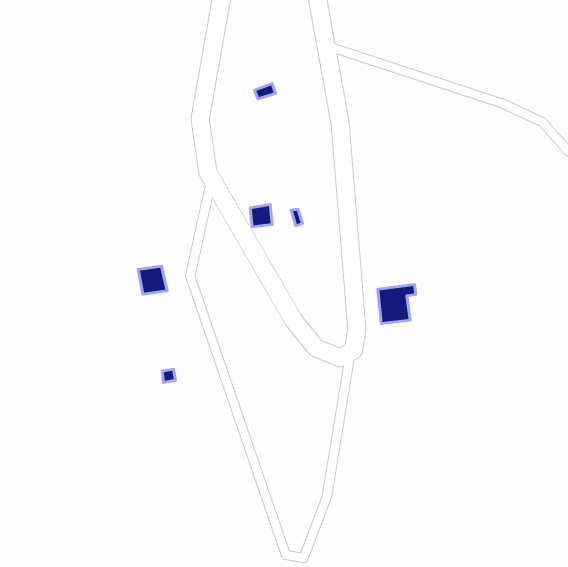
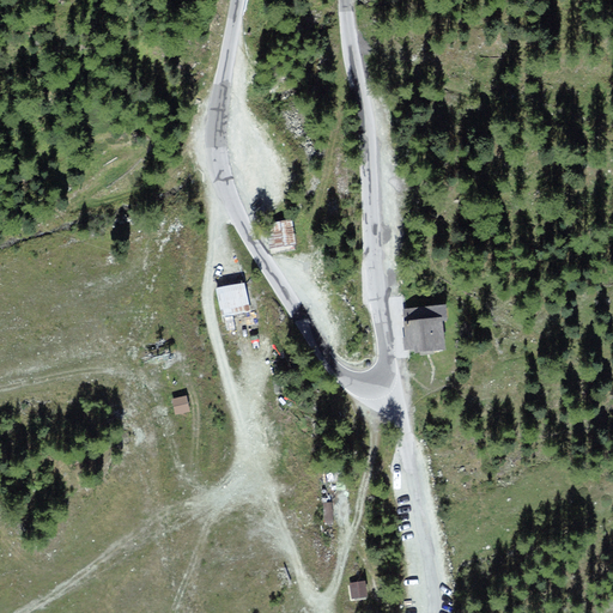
building: [138,266,167,294] -> [218,285,249,315]

